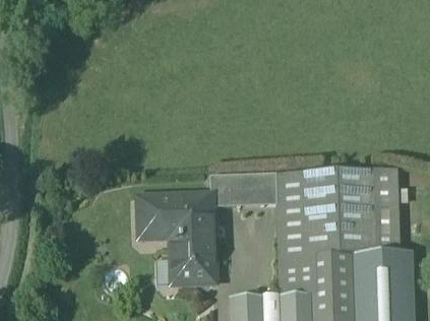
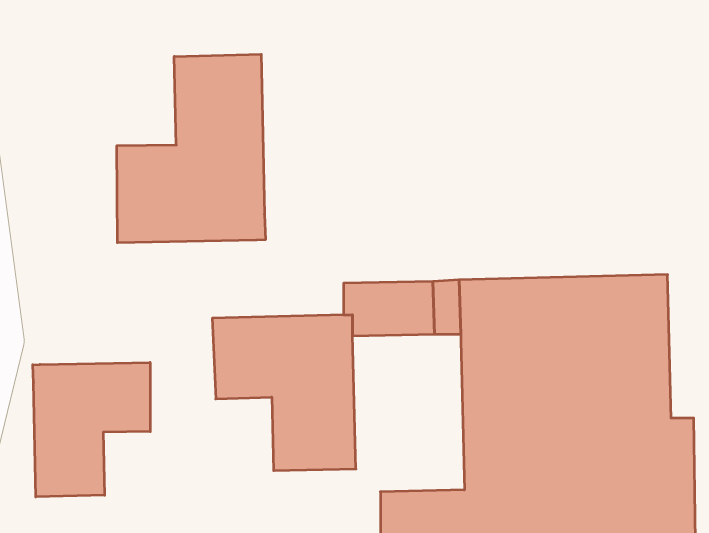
building: none -> [117,54,265,243]
building: none -> [33,362,150,497]

